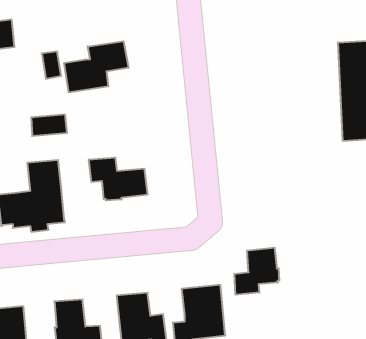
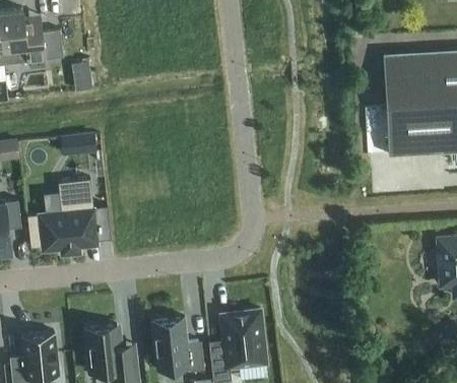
building: none -> [42,28,63,59]
building: [64,41,128,92] -> none
building: [89,157,147,201] -> none
building: [234,248,279,295] -> none

